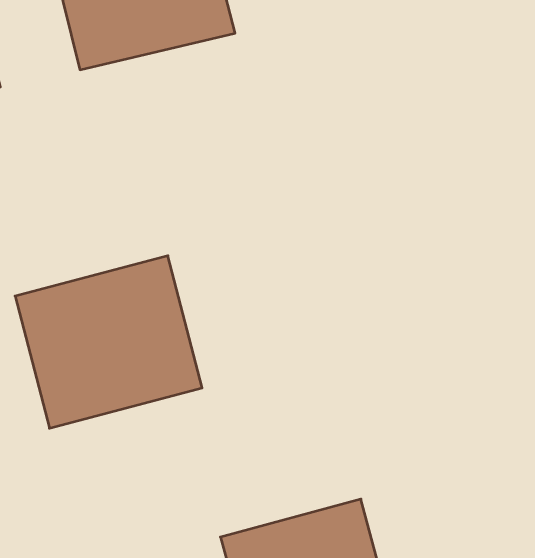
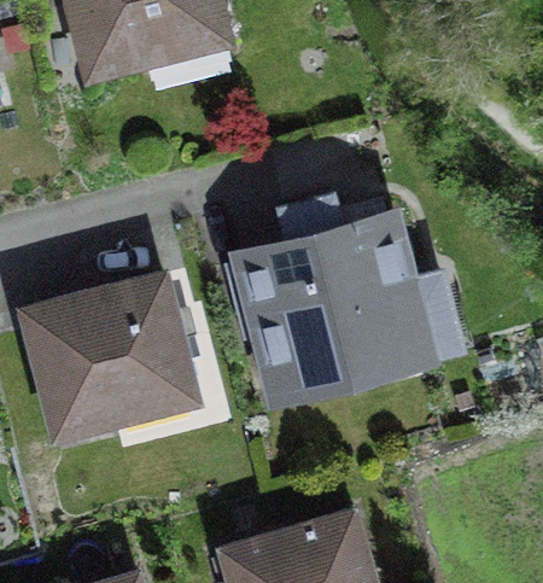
building: none -> [241,217,427,386]

